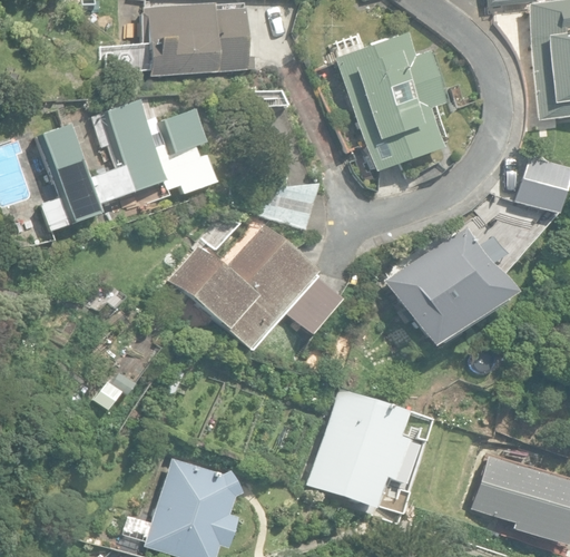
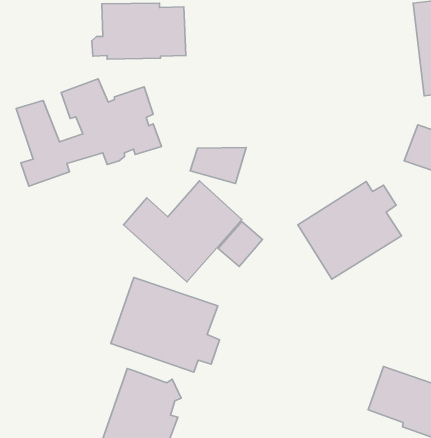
building: [337,33,446,172] -> none
building: none -> [111,277,220,372]
building: [308,388,410,508] -> none

